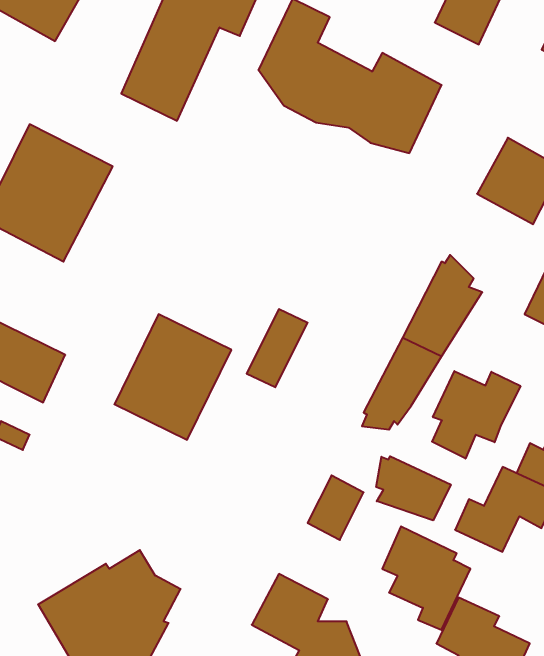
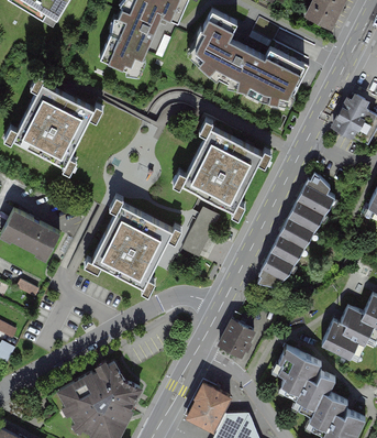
building: none -> [178,127,258,208]
building: [432,371,520,459] -> none
building: [376,456,451,520] -> none

